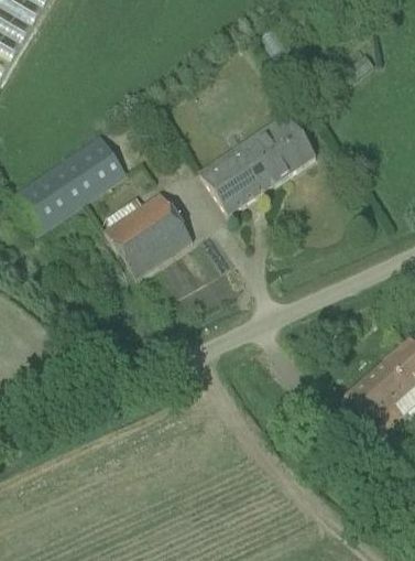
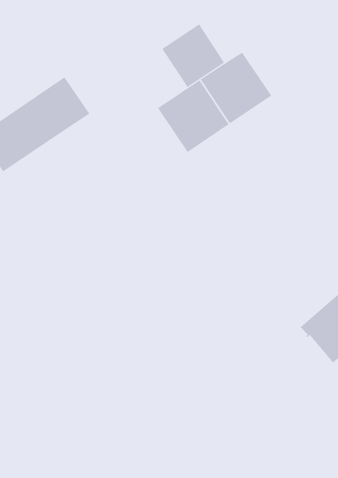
building: none -> [162,24,225,88]
building: [105,193,194,277] -> none

